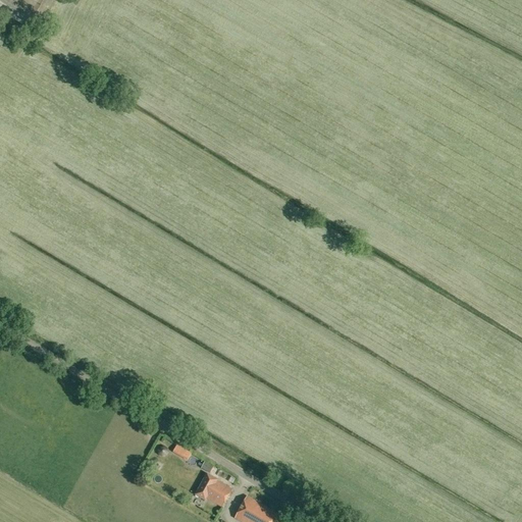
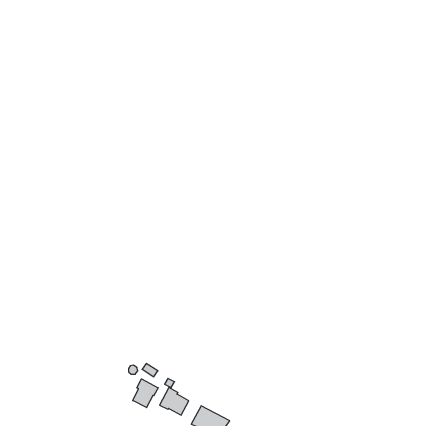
building: none -> [133,379,158,408]

